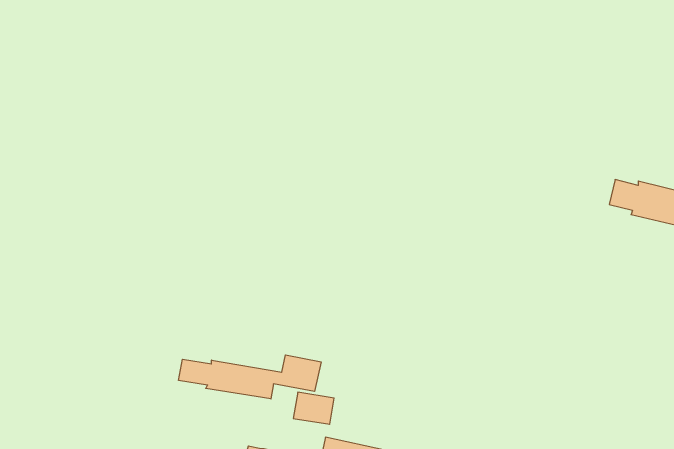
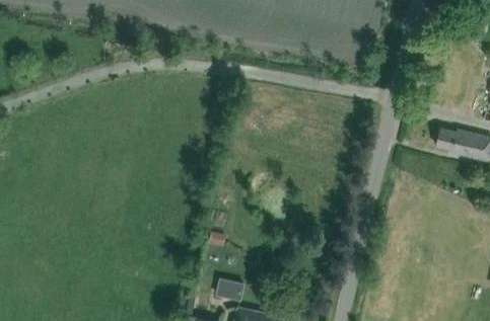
building: [179,355,321,399] -> none

